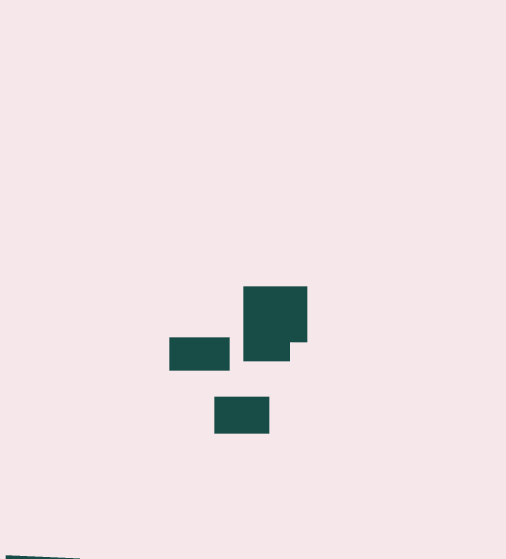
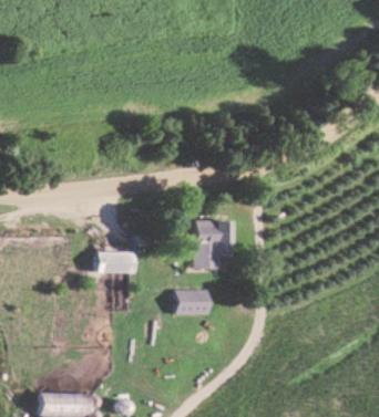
building: [169,337,230,371] -> [95,251,135,273]

